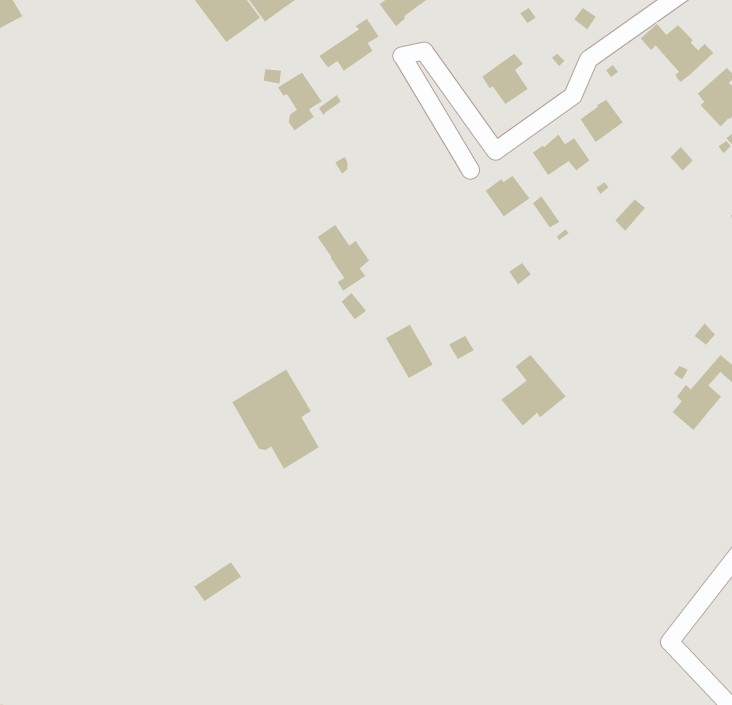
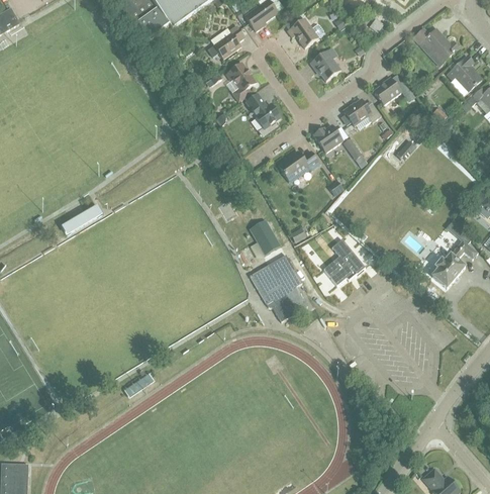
building: none -> [287,17,322,47]
building: [277,71,323,132] -> [226,63,256,101]
building: none -> [277,150,318,183]
building: [316,224,370,292] -> [246,93,280,136]
building: [231,368,320,470] -> [250,255,306,319]

